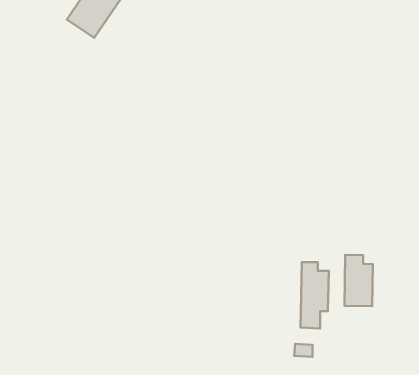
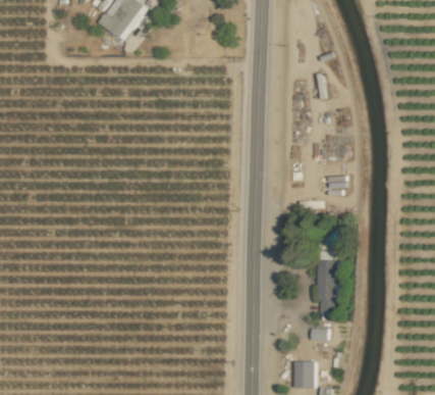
building: [344,255,373,306] -> none

